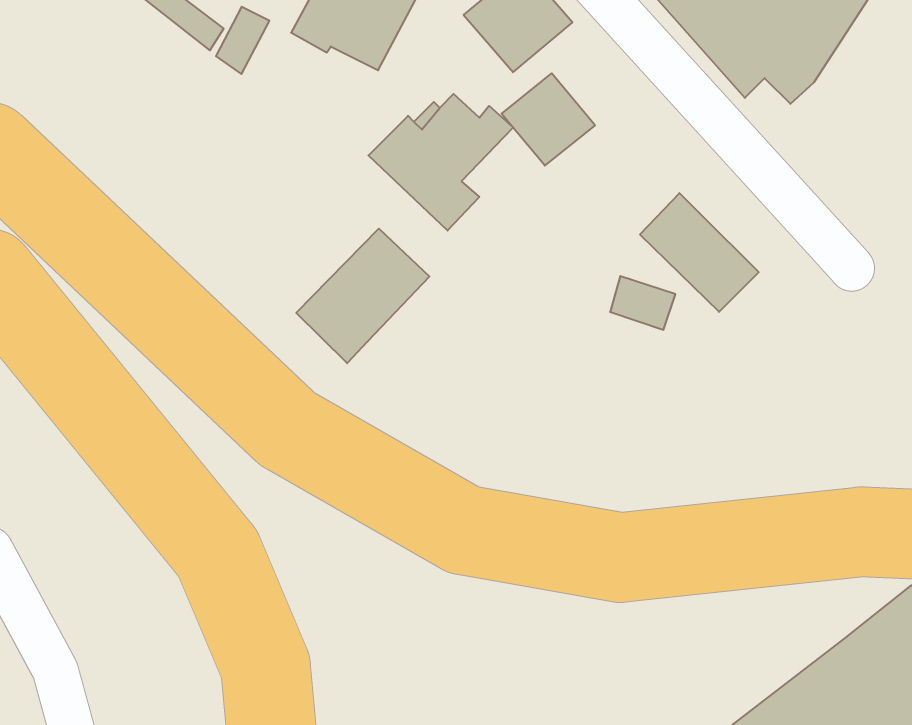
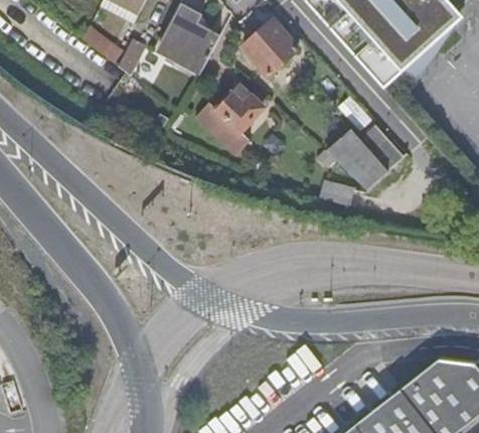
building: [502,73,595,166] -> none
building: none -> [362,129,409,175]
building: [296,229,429,363] -> none

